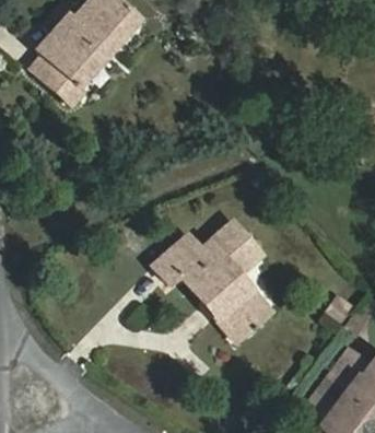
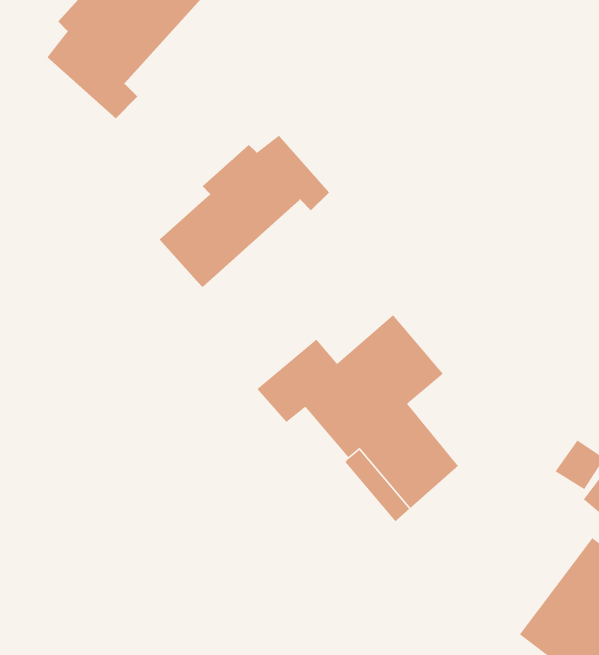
building: none -> [159,135,330,288]

